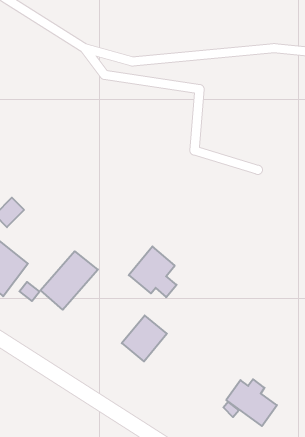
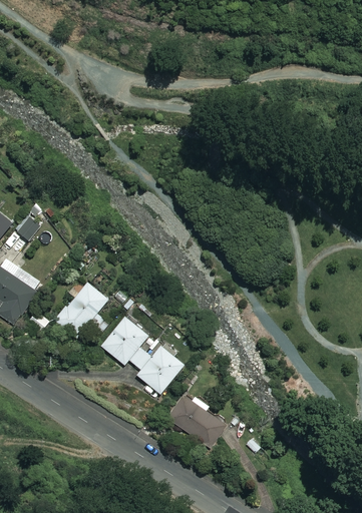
building: [129,246,177,297] -> [100,316,150,369]
building: [226,379,277,426] -> [168,396,222,445]

